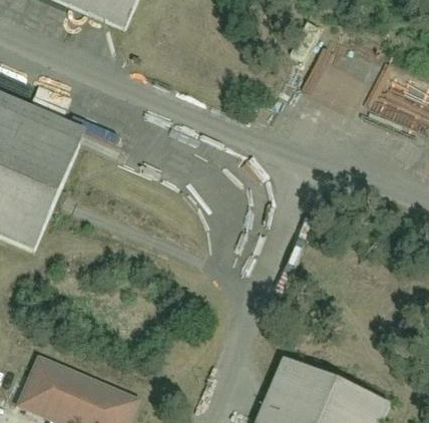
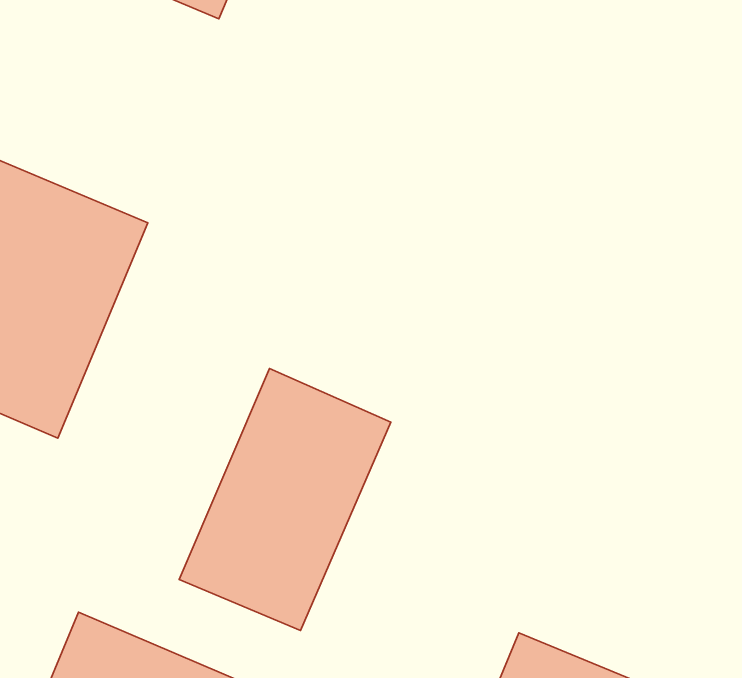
building: none -> [179,369,391,630]

